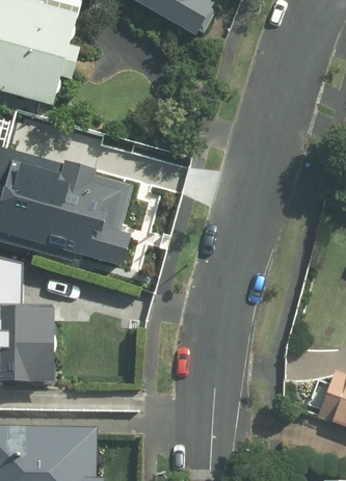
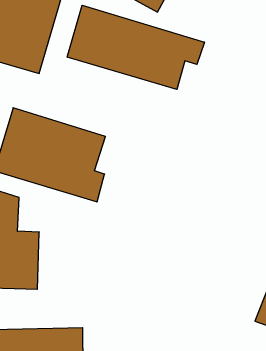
building: none -> [67,5,204,89]

